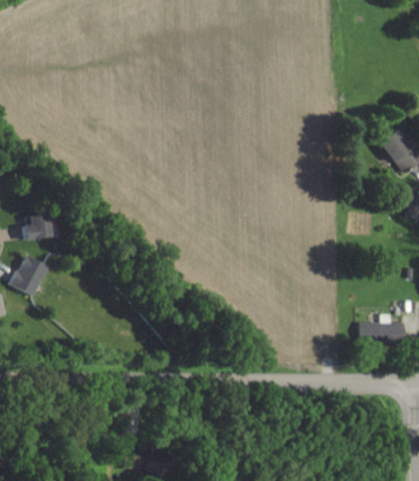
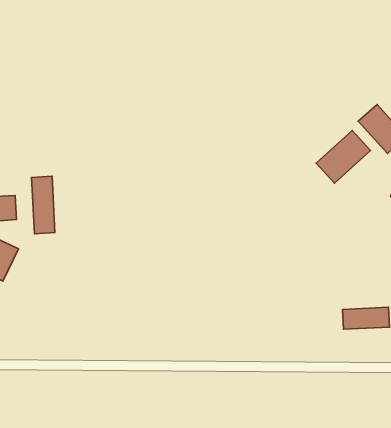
building: none -> [316,130,371,183]
building: none -> [32,176,55,234]

